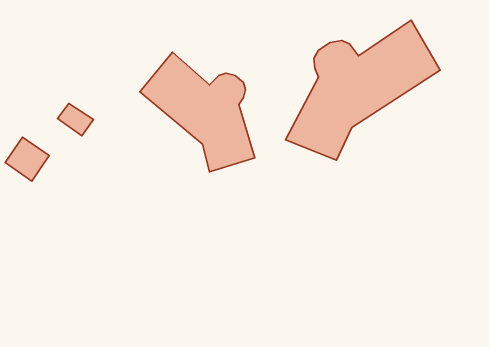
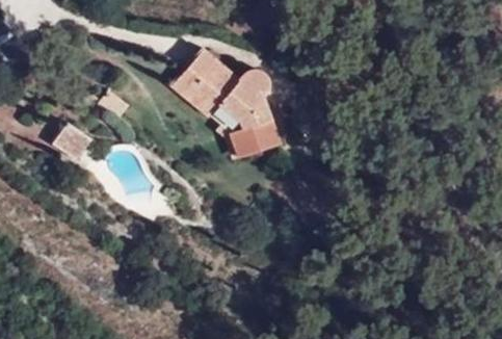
building: [286,20,440,160] -> none

